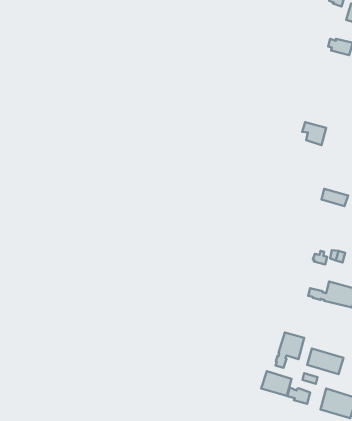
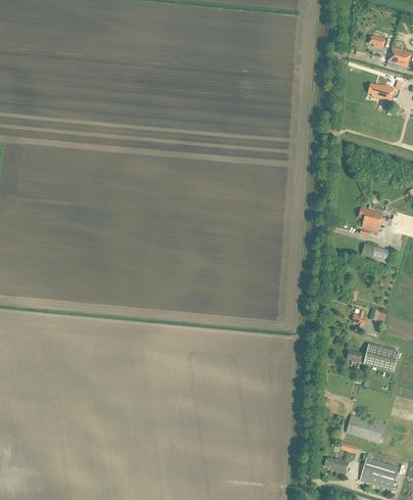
building: [302,122,326,145] -> [358,207,383,231]
building: [275,332,304,368] -> none
building: [261,371,291,396] -> none

